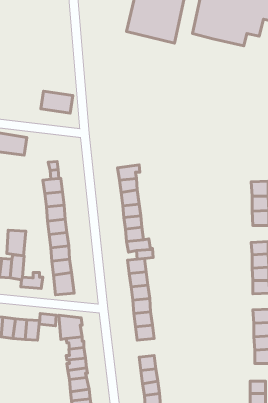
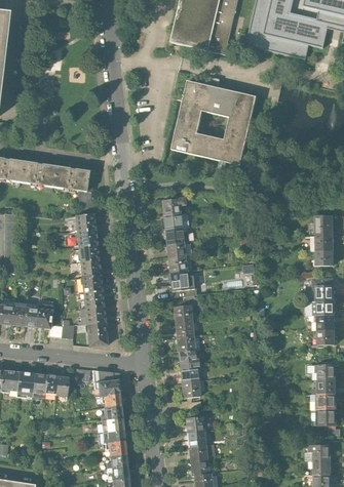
building: none -> [171,80,256,165]
building: [41,91,73,113] -> [52,164,89,190]
building: [7,230,26,256] -> none

